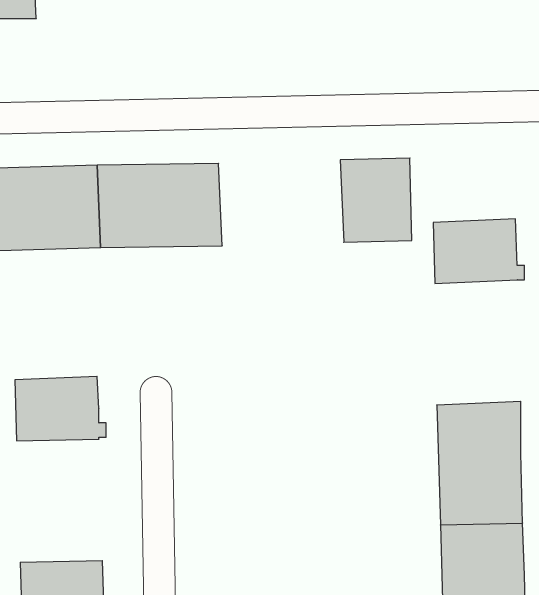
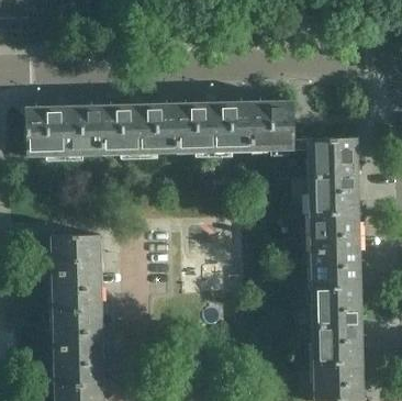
building: none -> [174,101,250,154]
building: none -> [306,175,359,252]
building: none -> [49,272,102,348]

